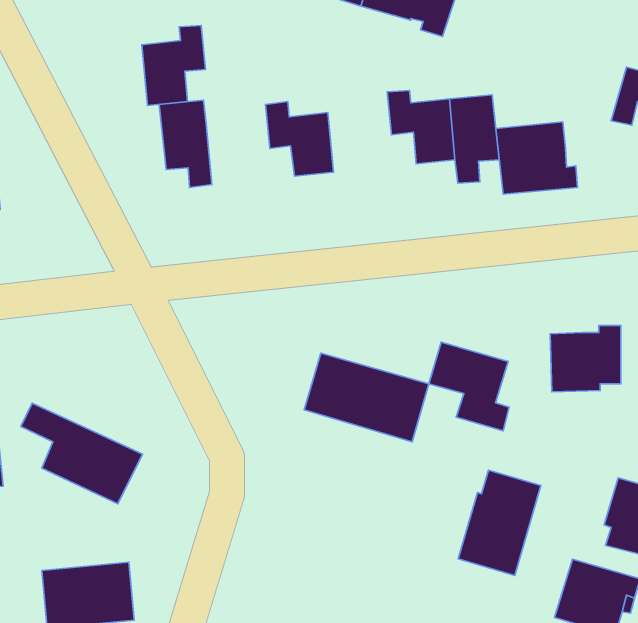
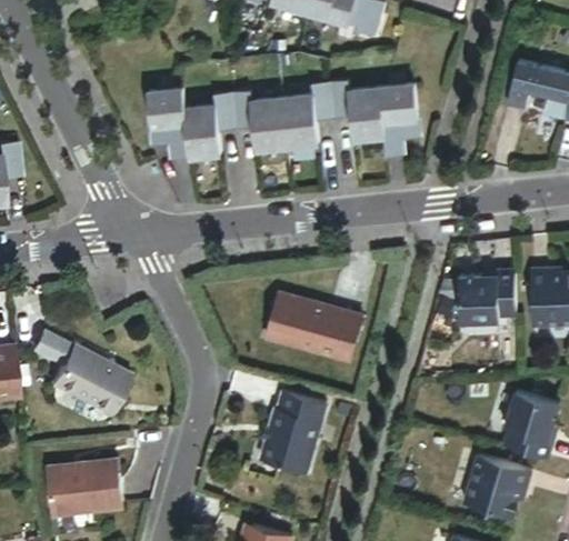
building: [142,25,205,106] -> [183,92,234,157]
building: none -> [281,82,332,147]
building: [496,122,578,194] -> none
building: [429,342,509,431] -> none
building: [458,470,541,575] -> [261,391,328,475]

